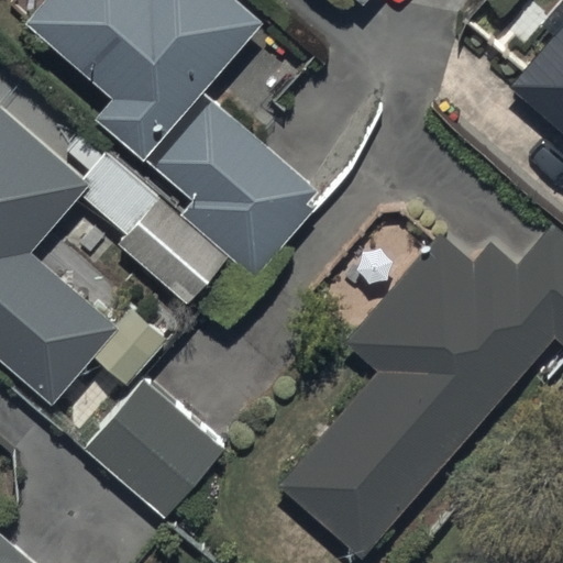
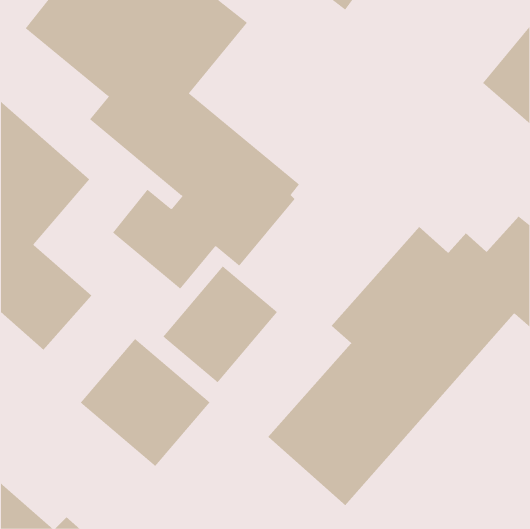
building: none -> [162,265,278,383]

